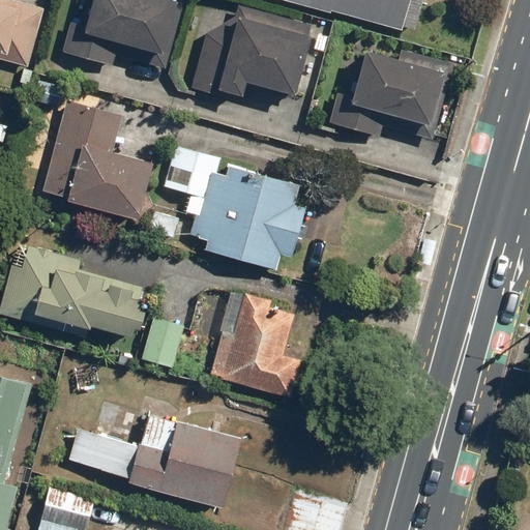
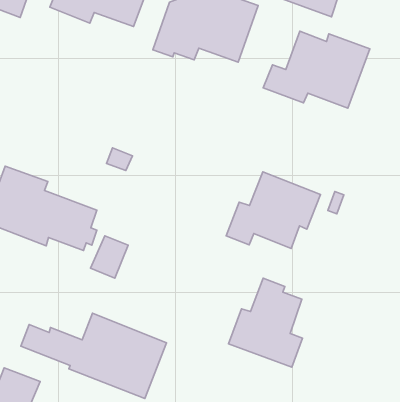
building: [42,100,151,218] -> none
building: [163,145,305,270] -> none
building: none -> [226,172,321,249]
building: [210,292,298,395] -> [229,278,303,367]

